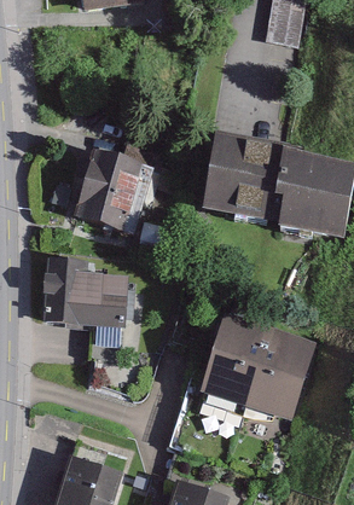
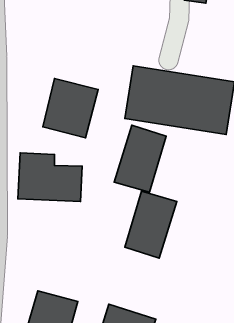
building: [240,329,315,425] -> [114,125,166,192]

